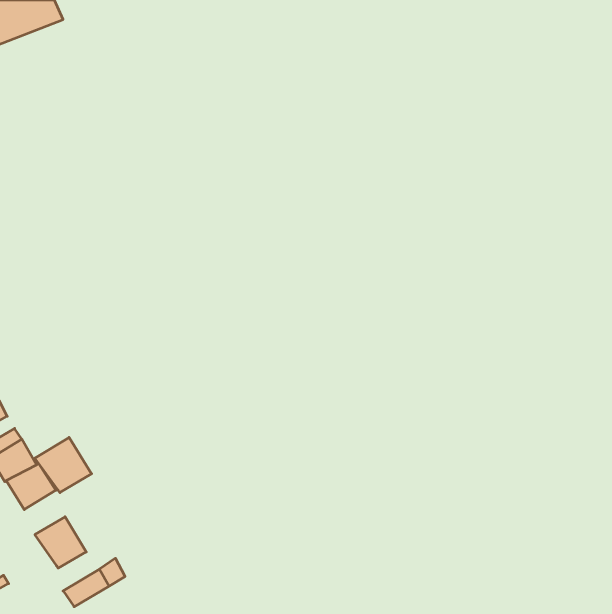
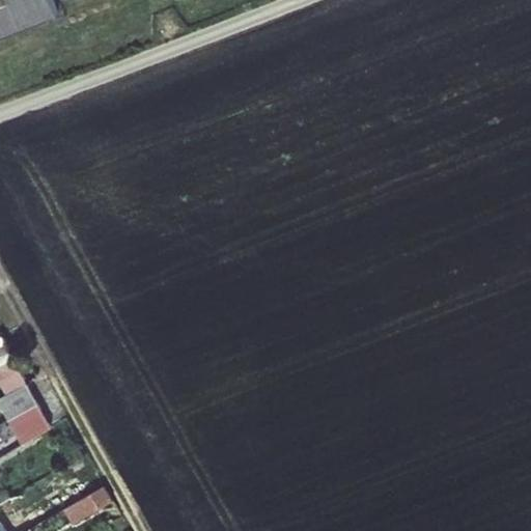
building: [35,437,92,493] -> none
building: [35,517,86,568] -> none

